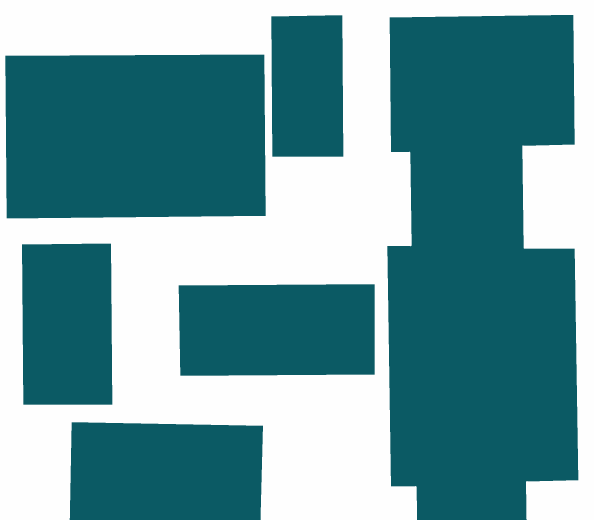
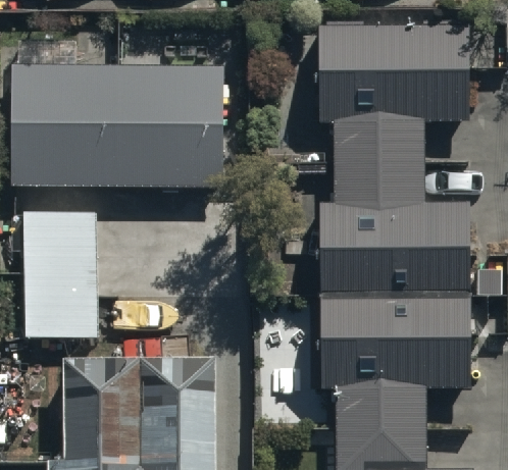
building: [271,14,344,157] -> none
building: [178,283,375,377] -> none

